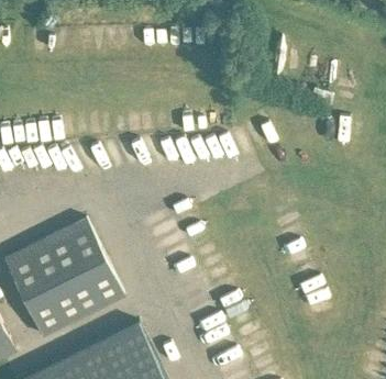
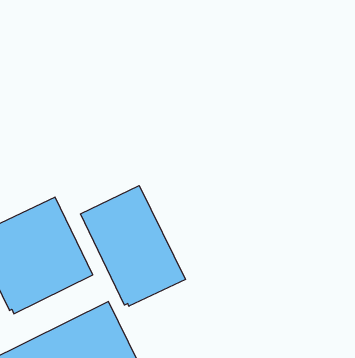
building: none -> [80,186,185,306]

